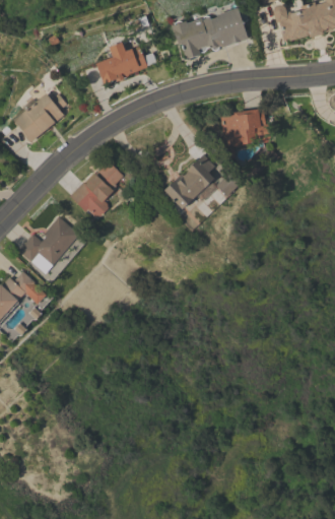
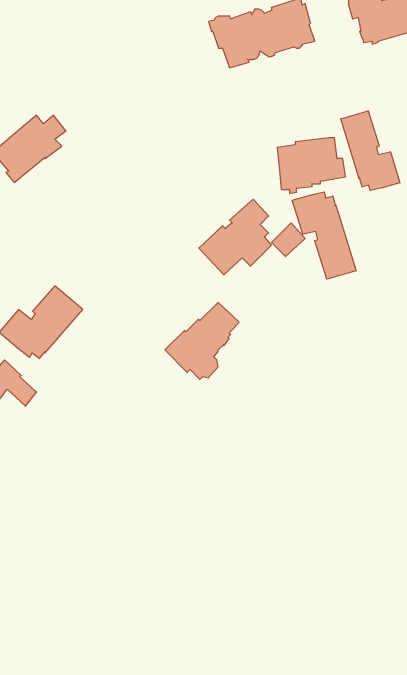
building: [96,42,157,83] -> none
building: none -> [341,111,400,191]
building: none -> [292,192,356,279]
building: [70,161,124,217] -> [165,302,239,379]

